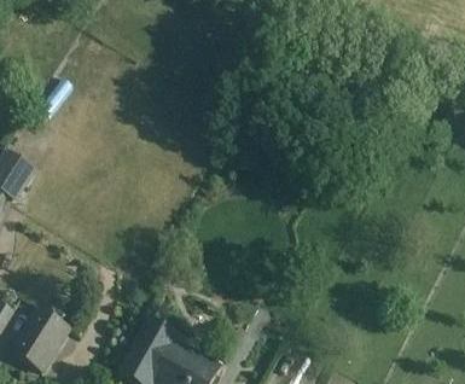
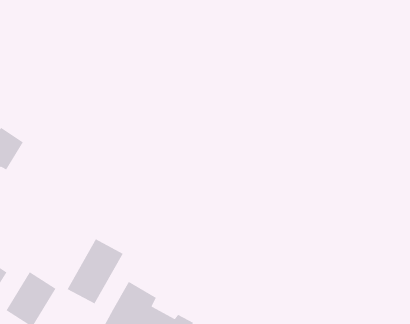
building: none -> [67,238,124,305]

